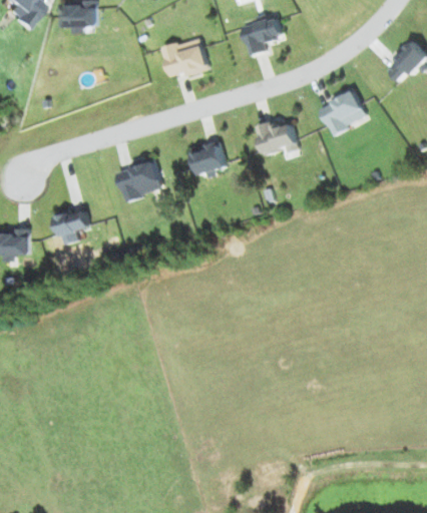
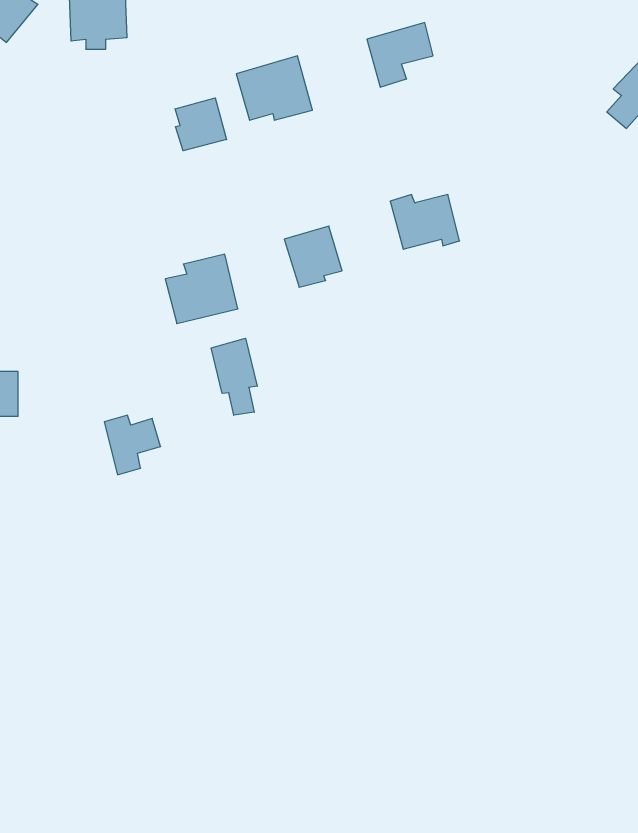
building: none -> [175,98,227,151]
building: [320,86,366,133] -> none
building: none -> [211,338,257,415]
building: [57,208,91,244] -> [104,415,161,475]

